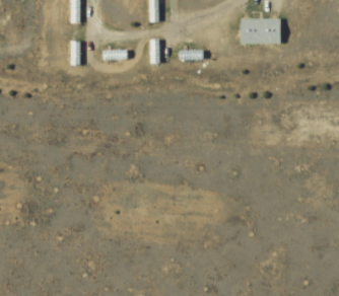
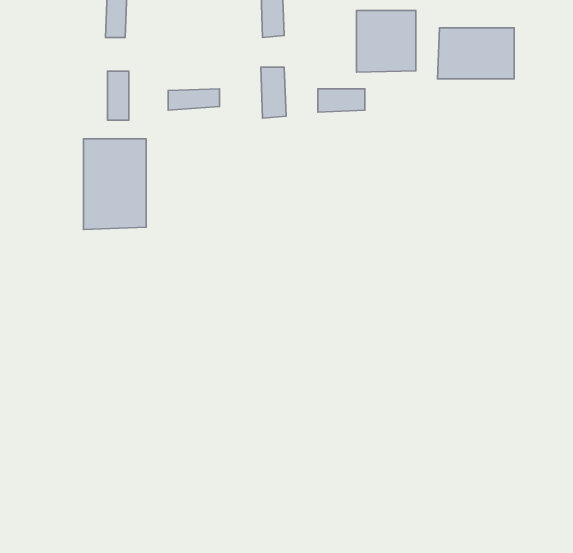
building: none -> [357,10,416,72]
building: none -> [83,139,146,230]

